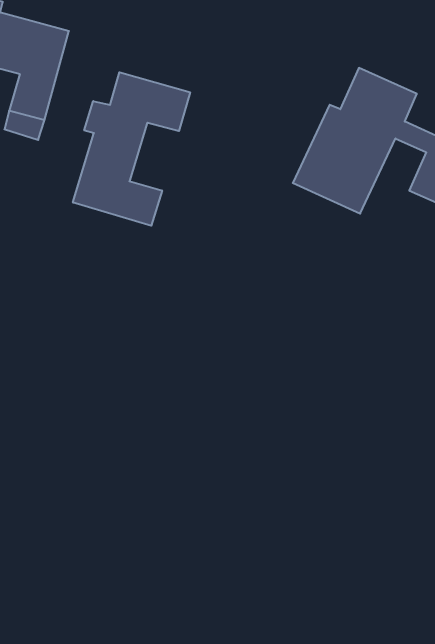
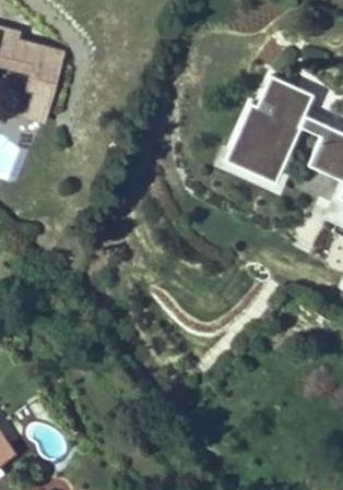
building: [73,72,190,226] -> none

